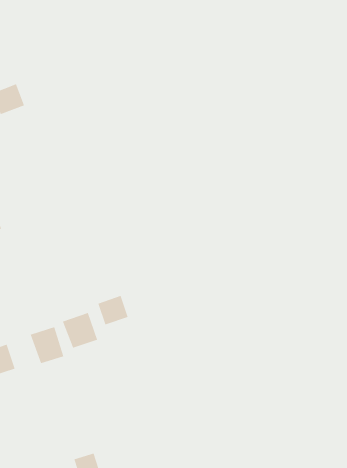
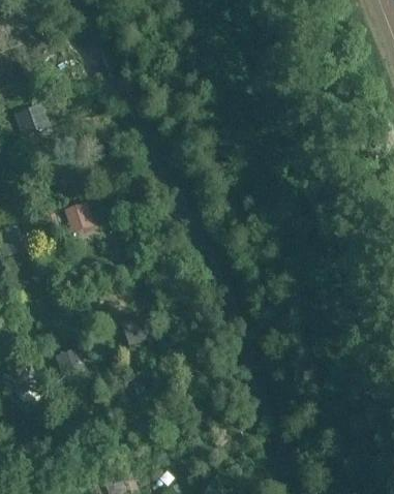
building: none -> [64,202,94,233]
building: [62,312,98,349] -> none

